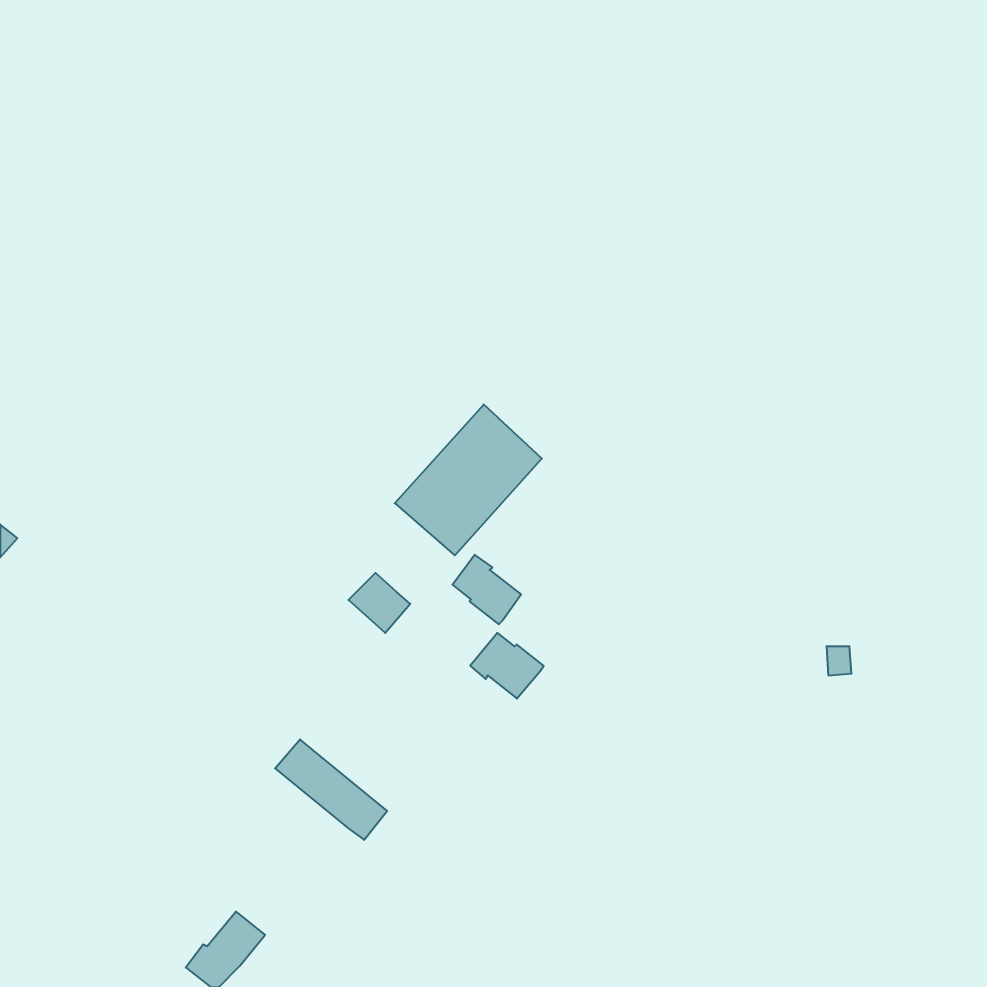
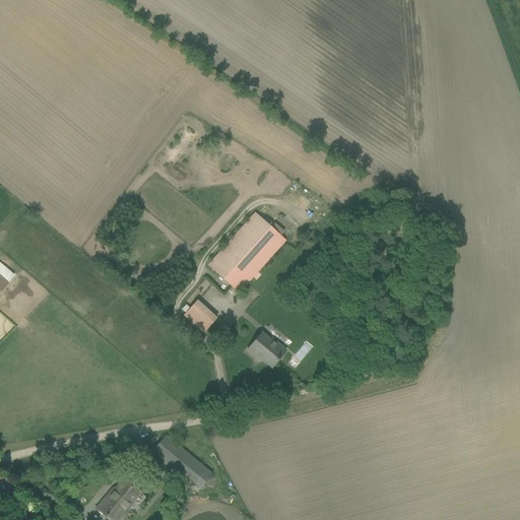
building: [452,555,521,624] -> none
building: [275,739,387,840] -> [153,436,212,489]

